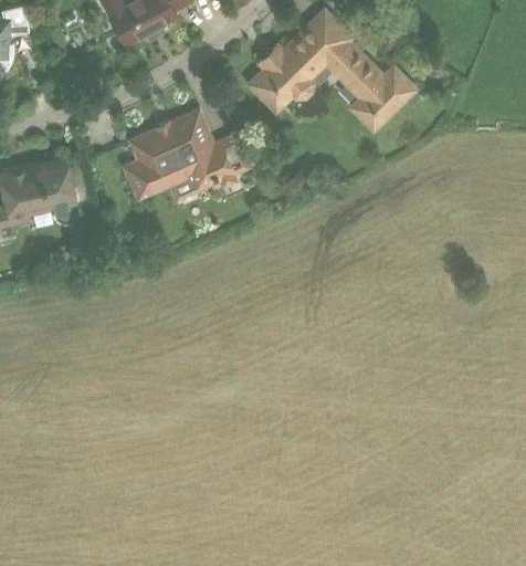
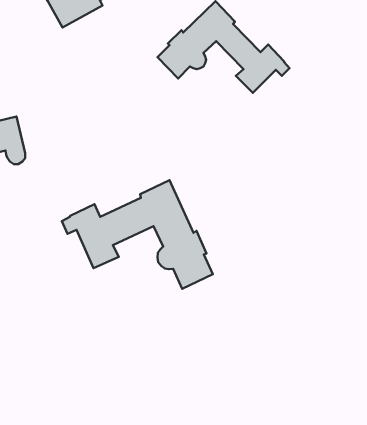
building: [125,109,248,196] -> none
building: none -> [62,180,213,289]

